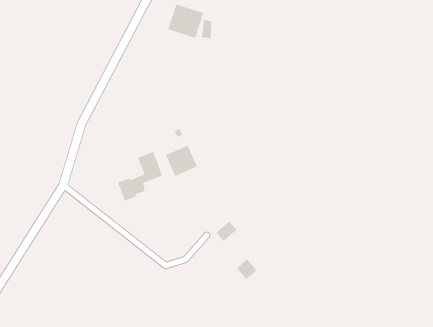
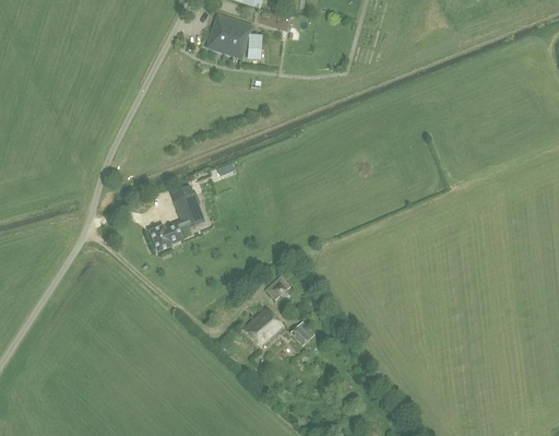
building: [165,145,198,177] -> none
building: none -> [243,306,283,345]

